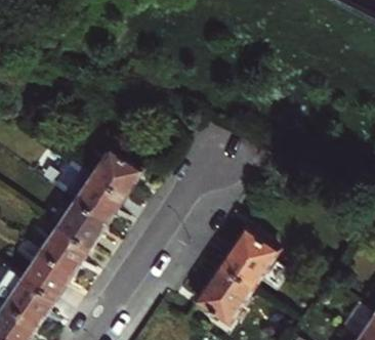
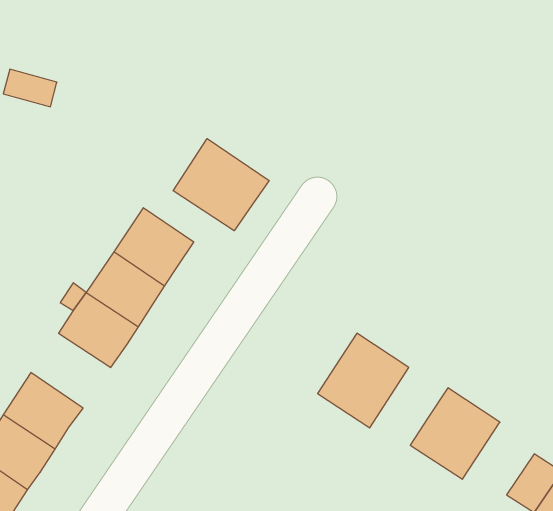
building: none -> [173,139,269,231]
building: [41,225,91,272] -> none
building: [198,263,254,321] -> [410,388,500,479]

